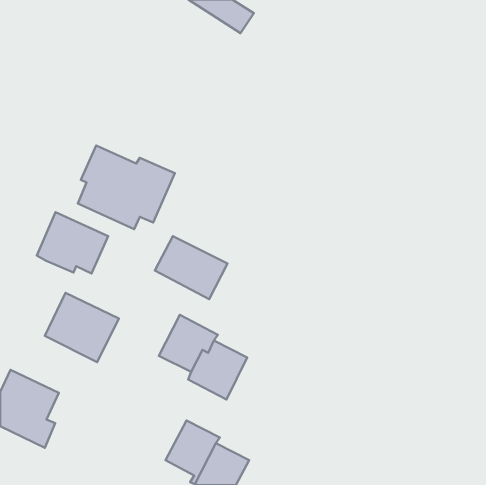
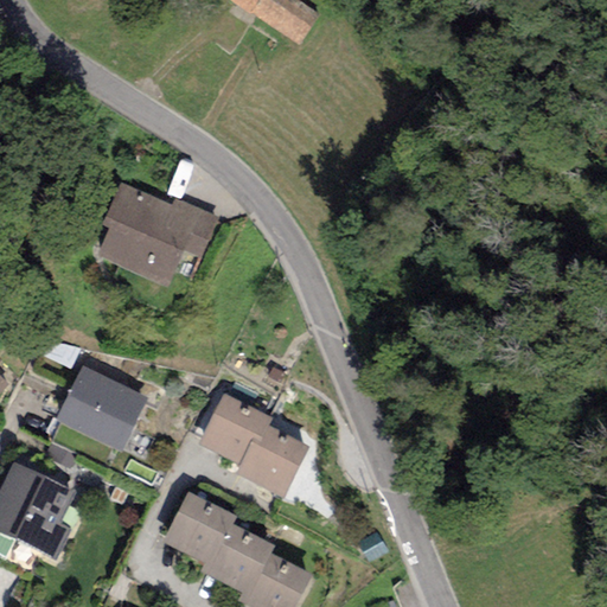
building: [37,212,108,274] -> none
building: [155,236,227,299] -> none
building: none -> [161,491,236,574]

